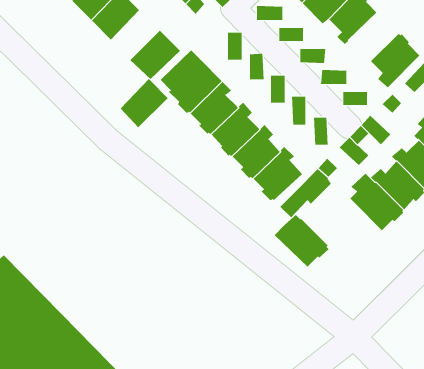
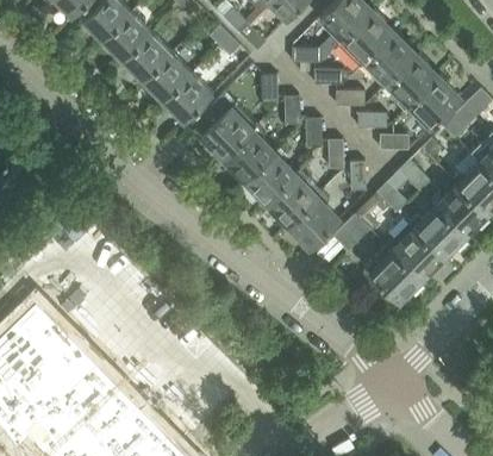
building: none -> [386,55,437,111]
building: [120,78,169,128] -> [143,52,193,104]
building: [274,214,330,268] -> [364,246,422,301]

